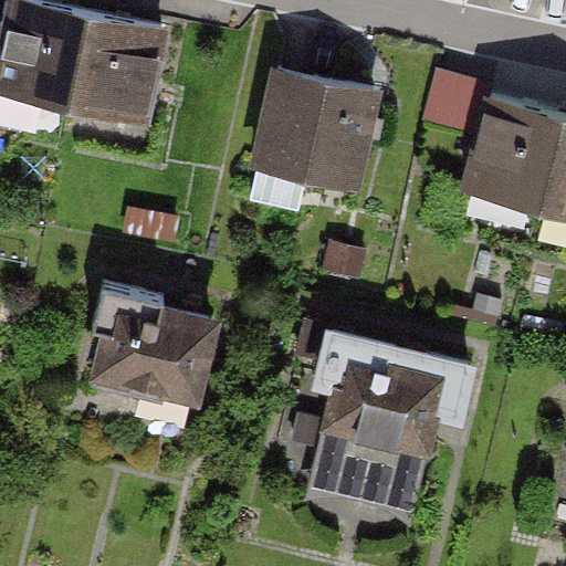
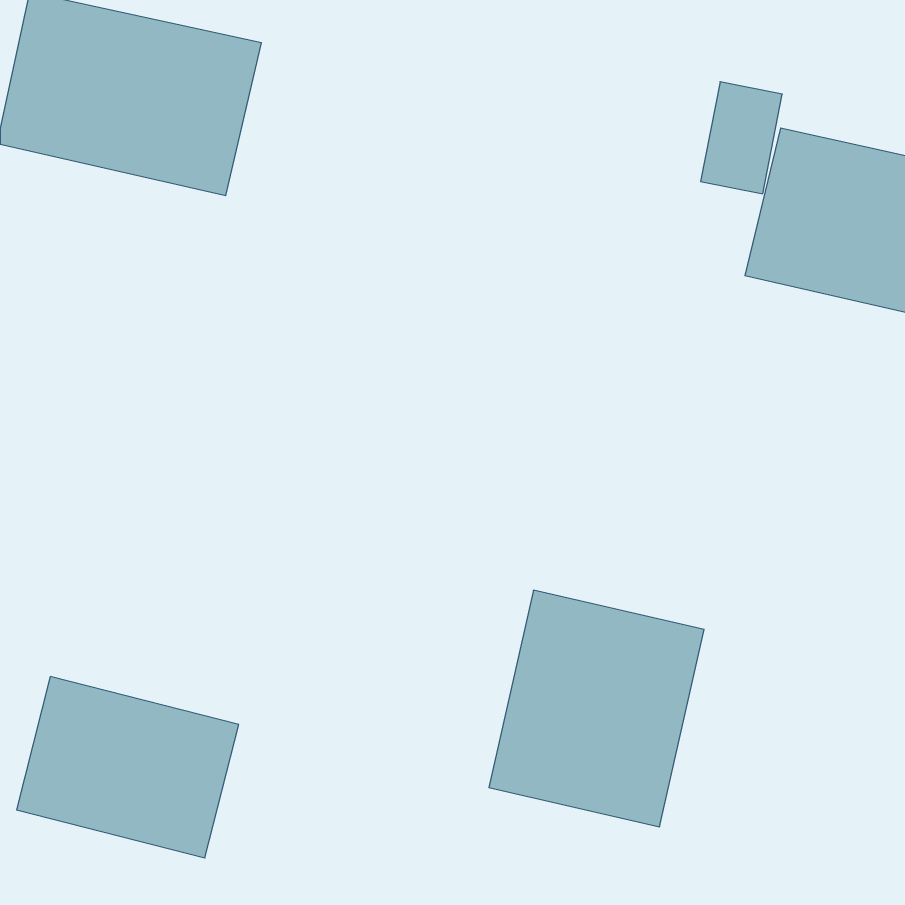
building: [254,65,376,201] -> none
building: [76,308,214,421] -> [17,677,239,858]

